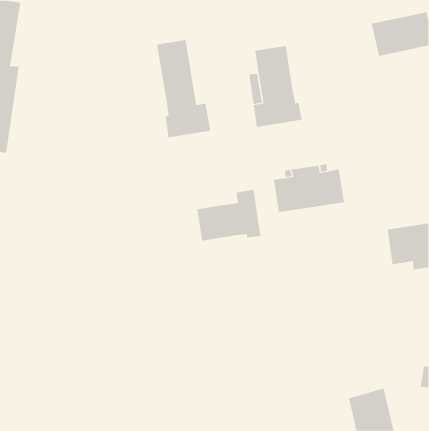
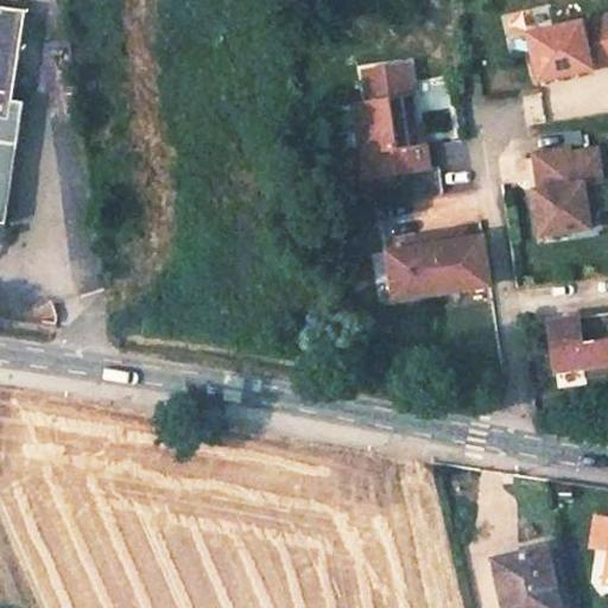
building: [156,39,211,138] -> none
building: none -> [530,151,597,238]
building: [197,189,261,242] -> none

